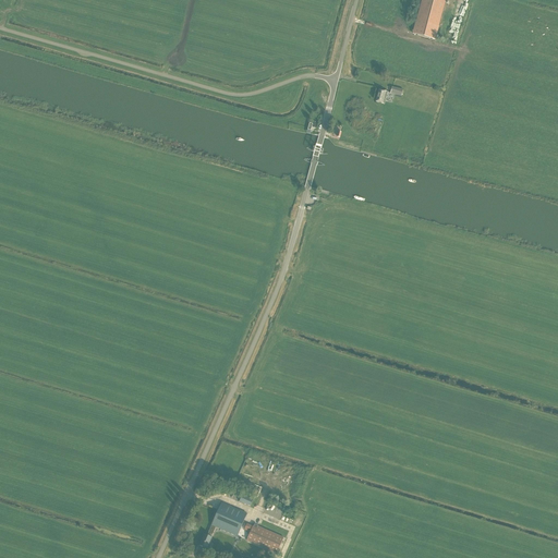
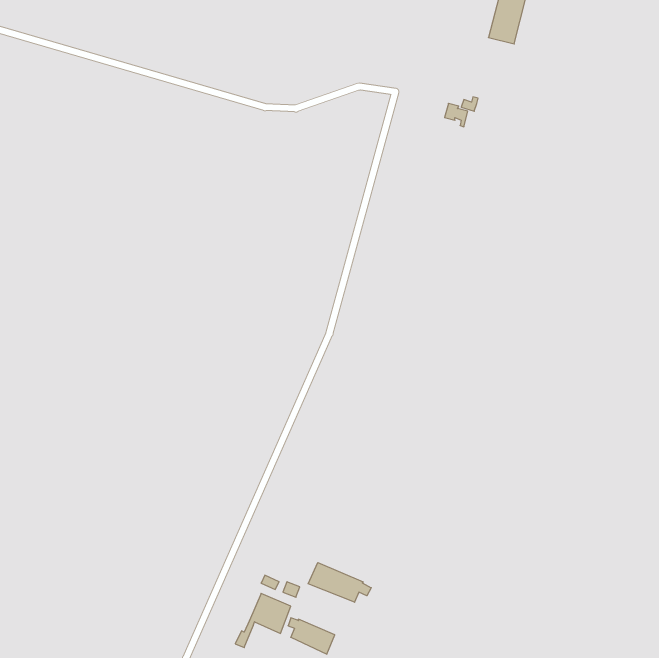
building: none -> [308,563,371,602]

